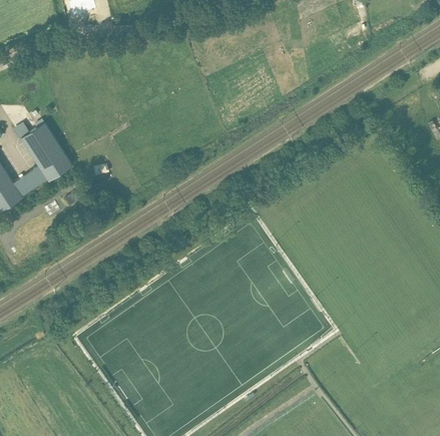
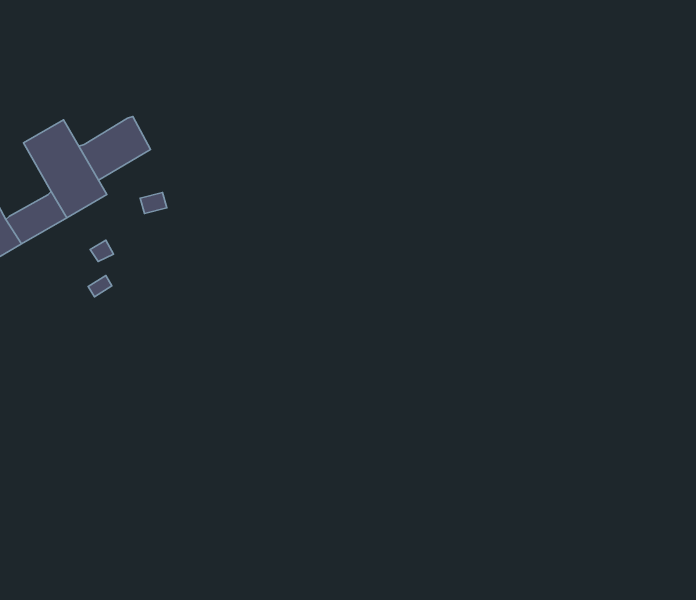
building: none -> [79,116,150,180]

